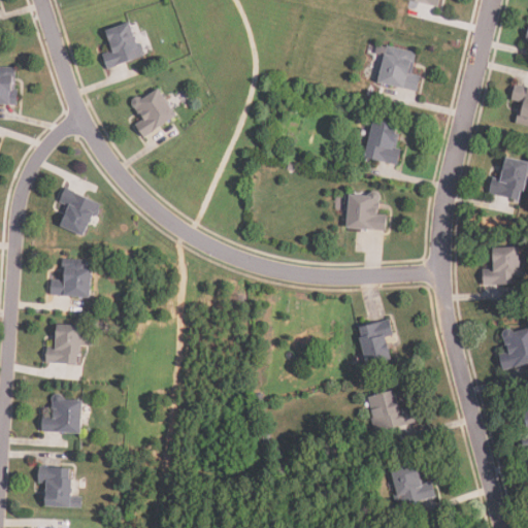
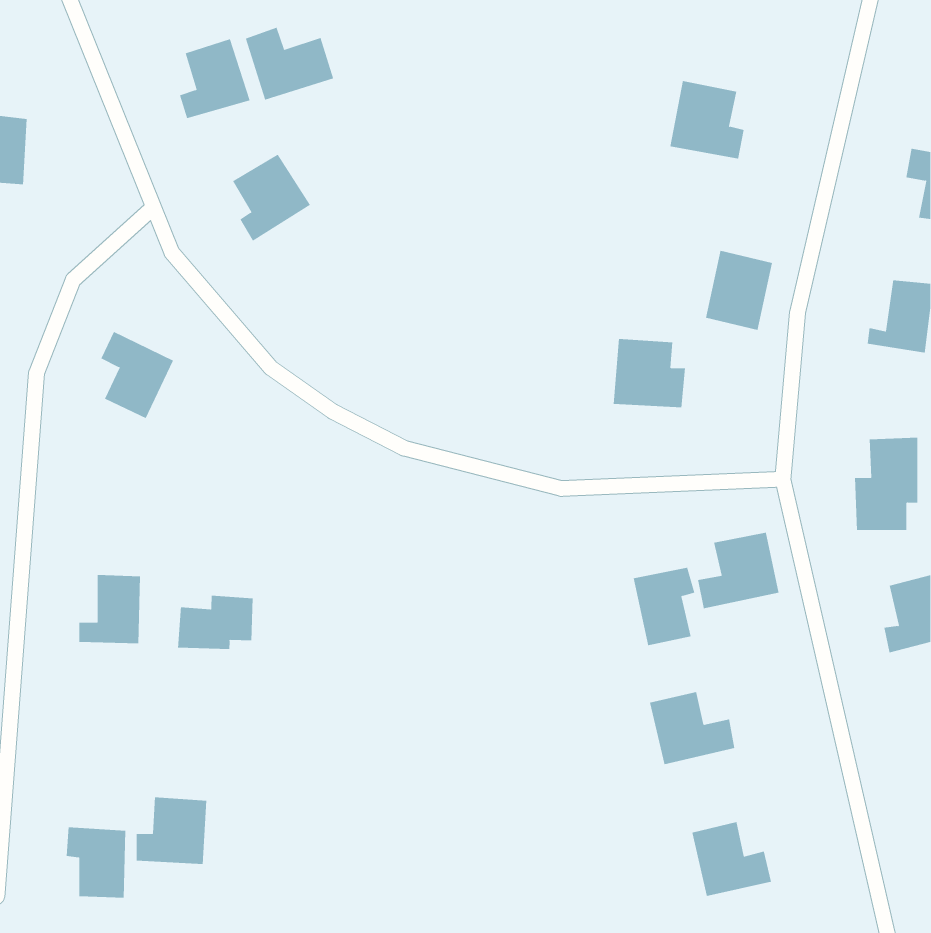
building: none -> [245,27,334,101]
building: [364,119,402,164] -> [705,250,773,331]
building: [48,259,91,296] -> none
building: none -> [698,532,779,609]
building: none -> [178,595,253,650]
building: [41,394,81,432] -> [136,797,207,865]

